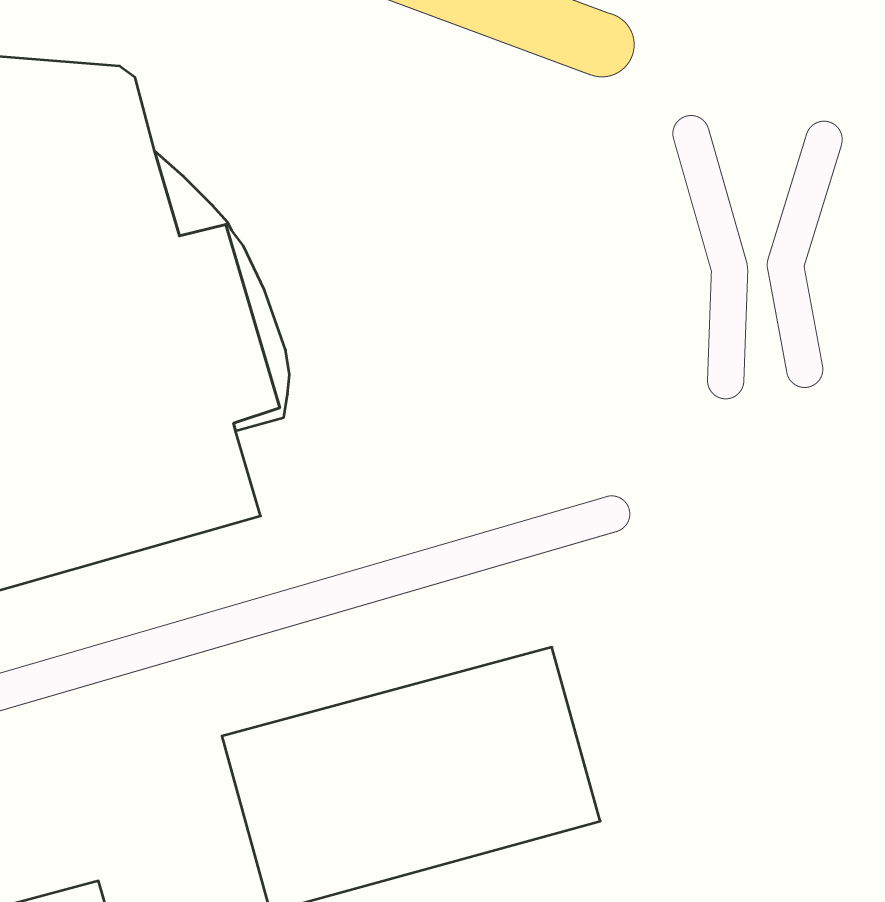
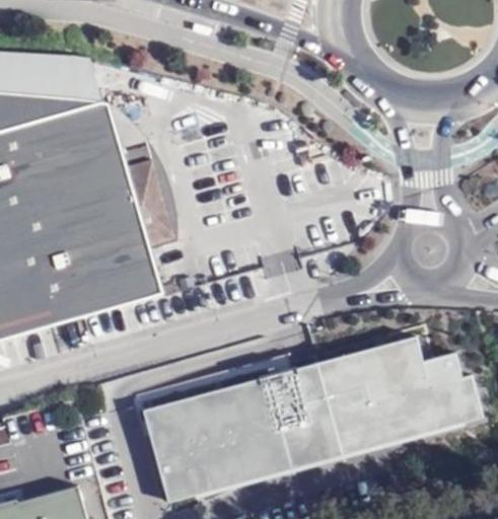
building: none -> [312,337,479,455]

